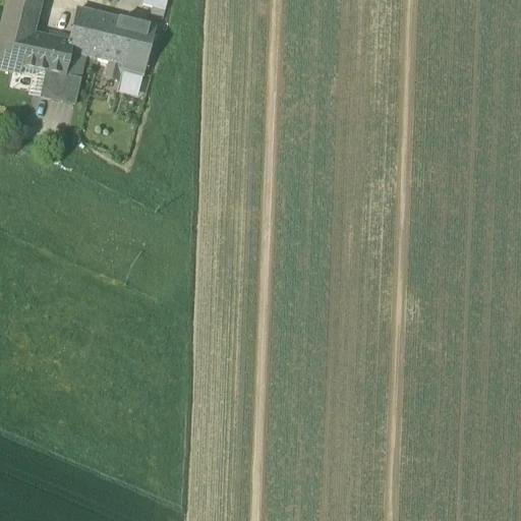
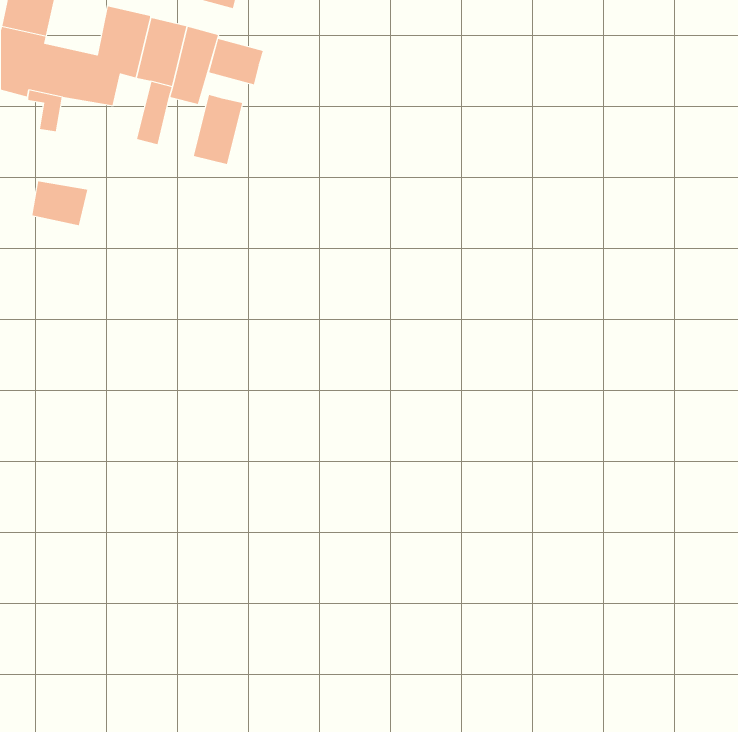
building: none -> [209,38,264,85]
building: none -> [193,94,243,165]
building: [42,68,81,100] -> [32,181,88,226]

